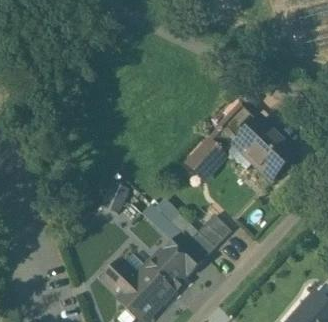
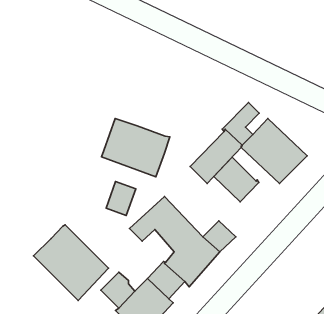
building: none -> [102,119,170,177]
building: none -> [214,157,259,202]
building: none -> [34,225,109,301]

